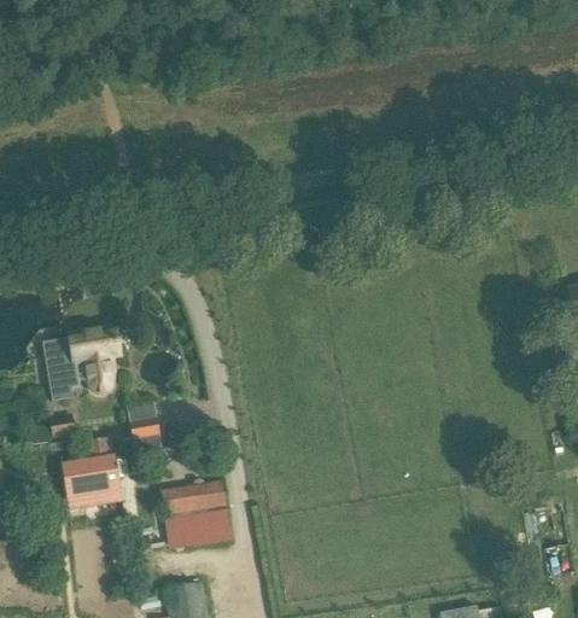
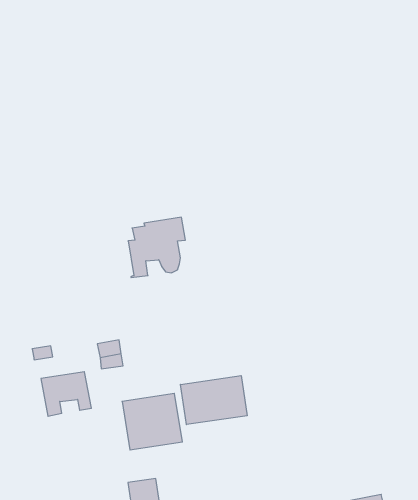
building: [47,325,117,398] -> [128,217,185,278]
building: none -> [180,376,247,425]

